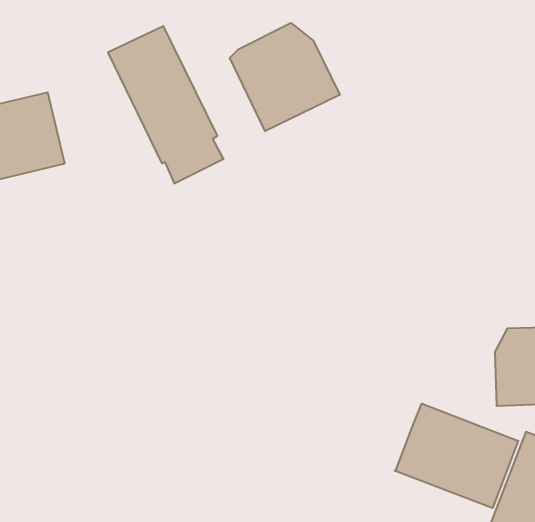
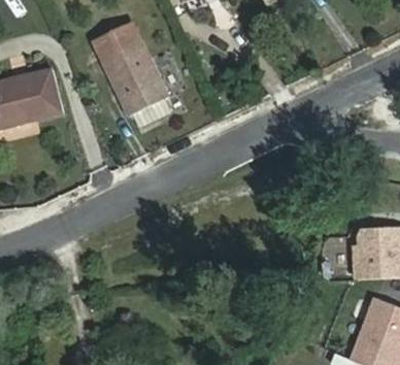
building: [230,23,340,131] -> none
building: [395,404,518,508] -> none

